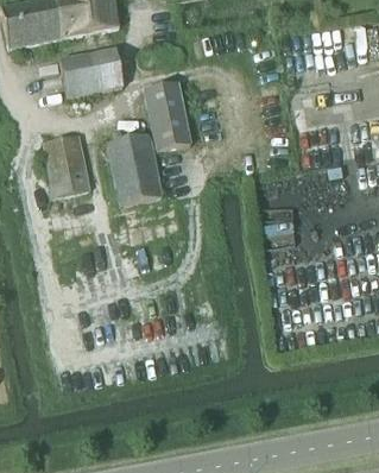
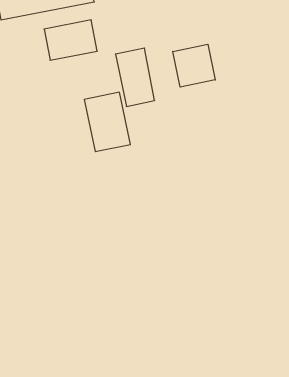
building: none -> [173,44,215,87]
building: [43,134,90,195] -> none

